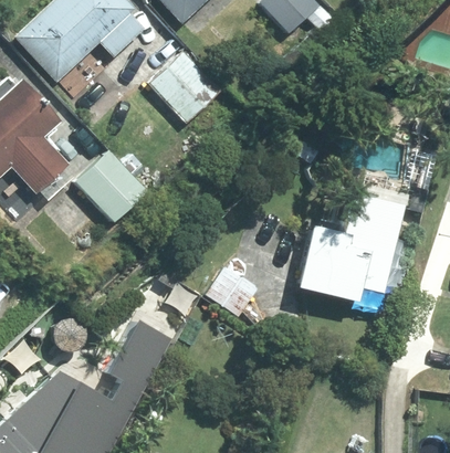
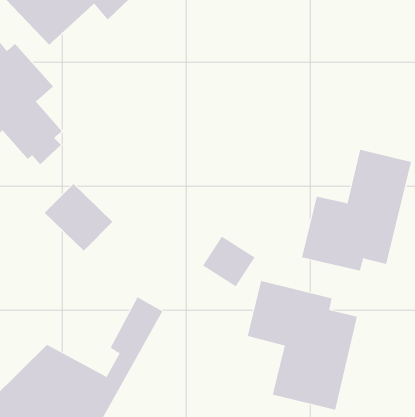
building: [148,51,219,123] -> none
building: [76,154,144,220] -> [44,183,113,252]
building: none -> [247,280,358,410]

